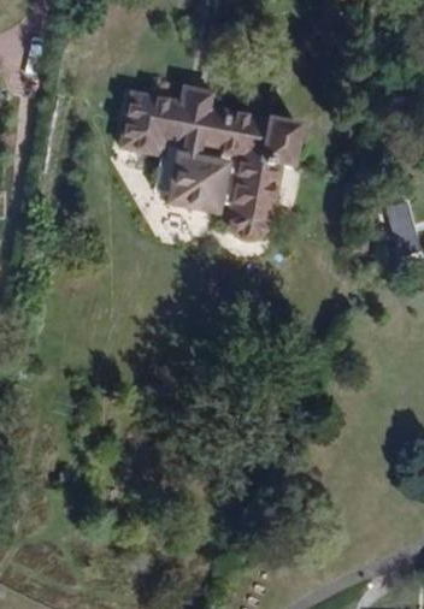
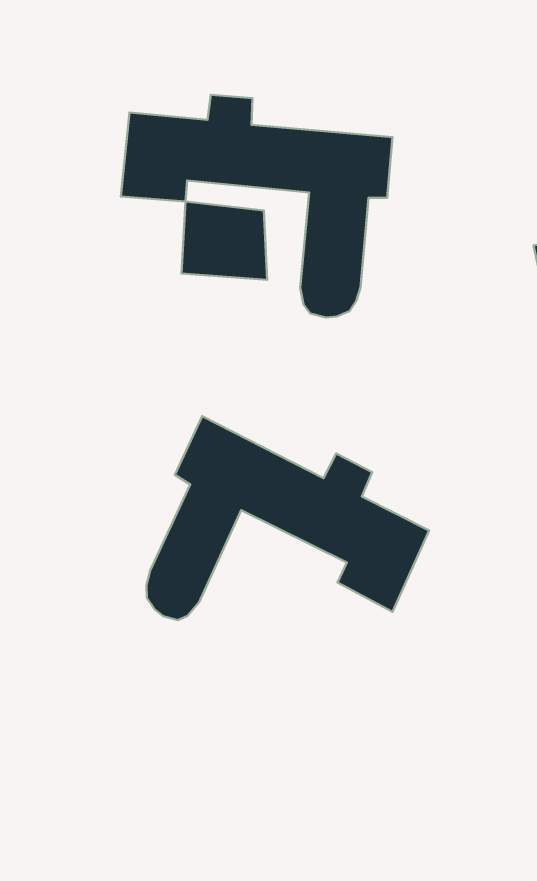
building: none -> [147,416,429,620]

